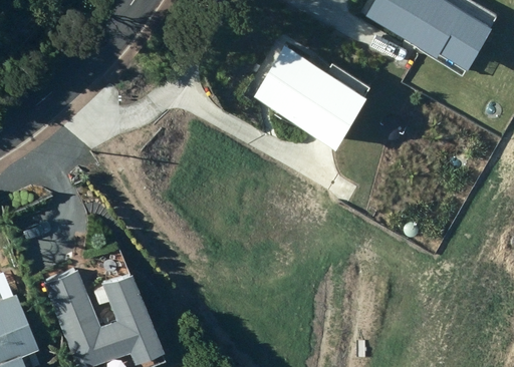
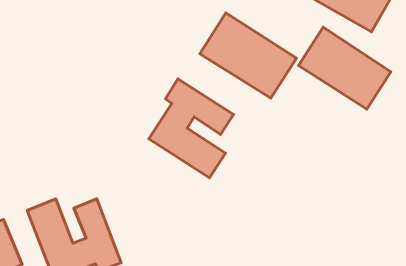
building: none -> [299,27,391,109]
building: none -> [149,79,233,178]

